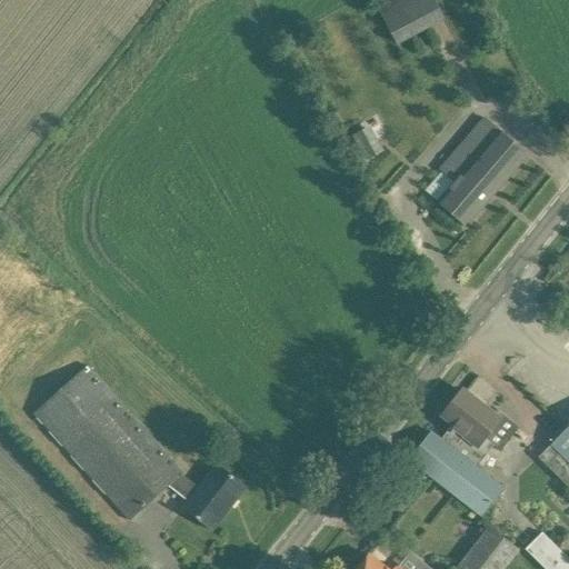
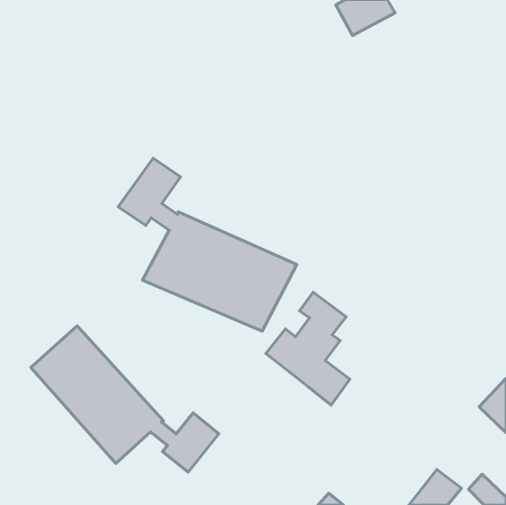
building: [437,118,528,227] -> none
building: none -> [118,158,297,331]
building: [409,390,503,517] -> [266,292,350,405]

